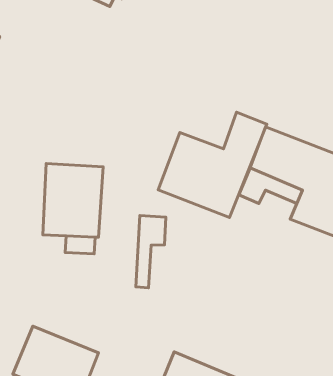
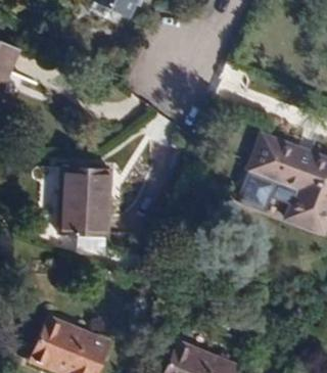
building: [158,112,267,217] -> none
building: [136,215,166,288] -> none

